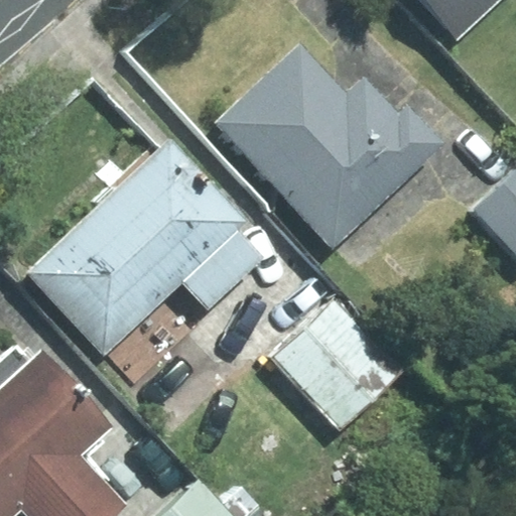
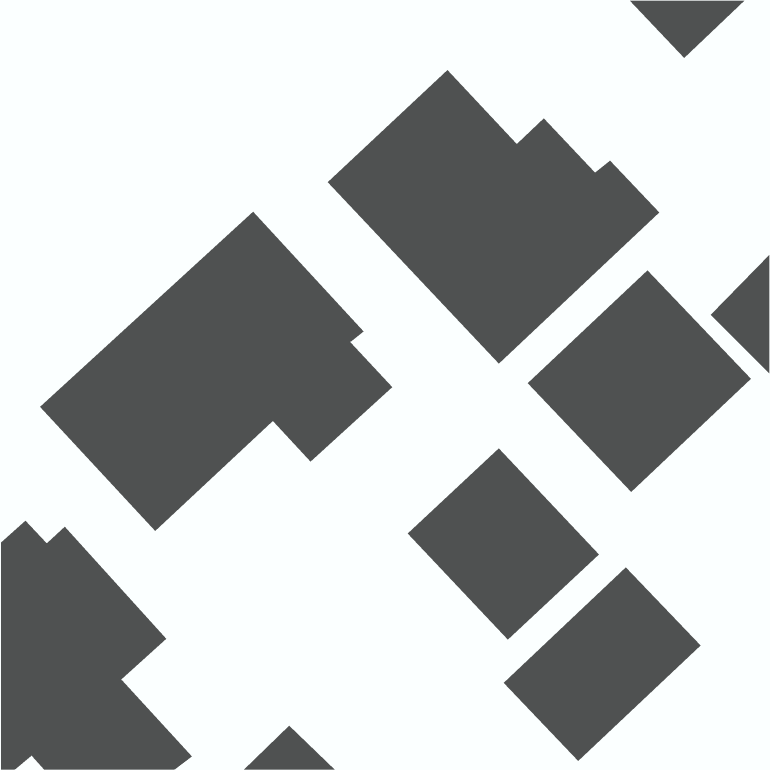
building: none -> [527,269,752,493]
building: none -> [503,567,701,762]

